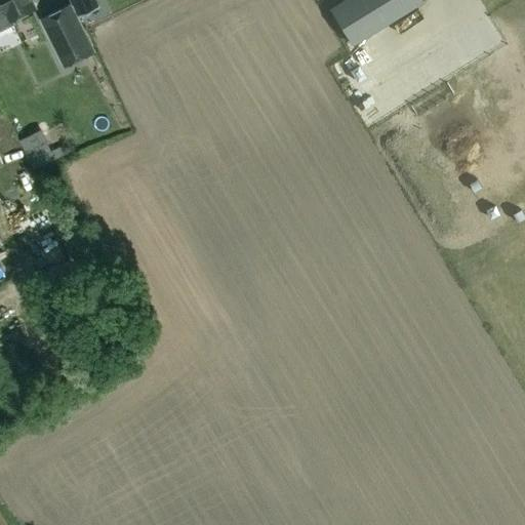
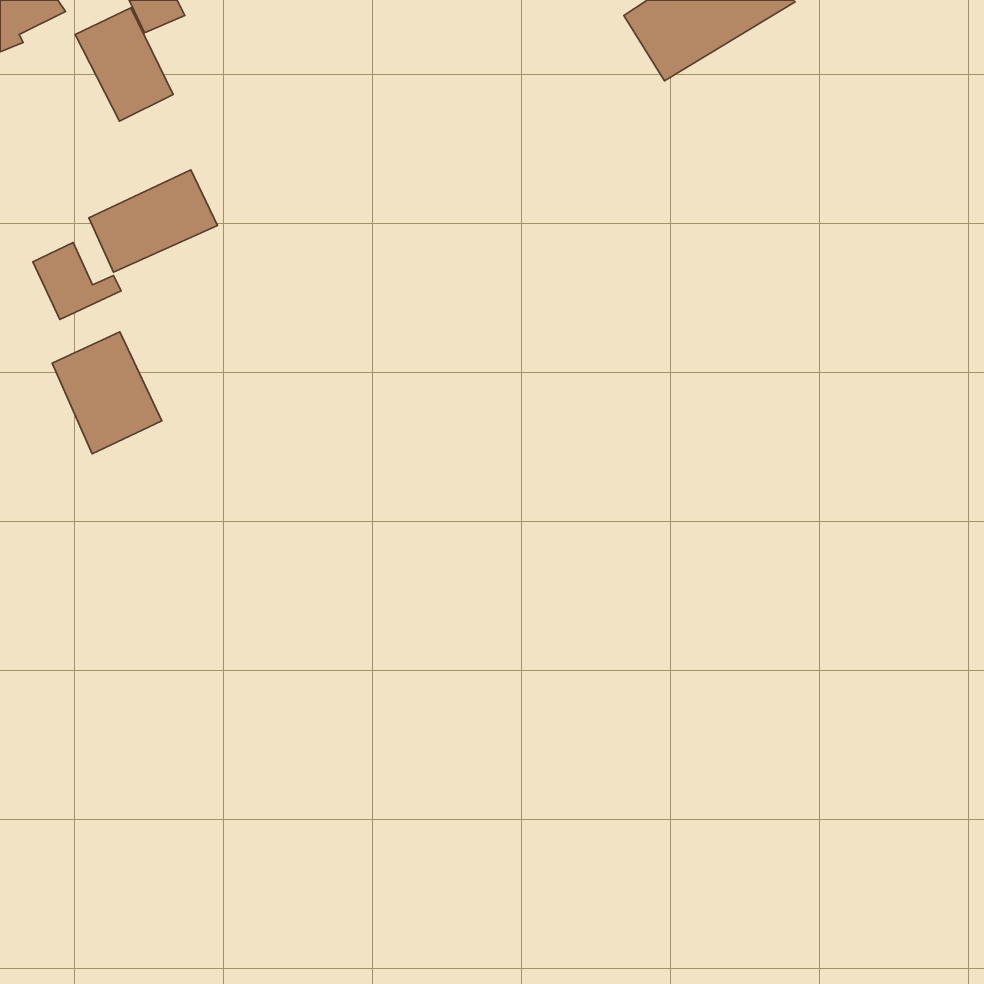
building: none -> [89,170,217,272]
building: none -> [52,332,162,454]

